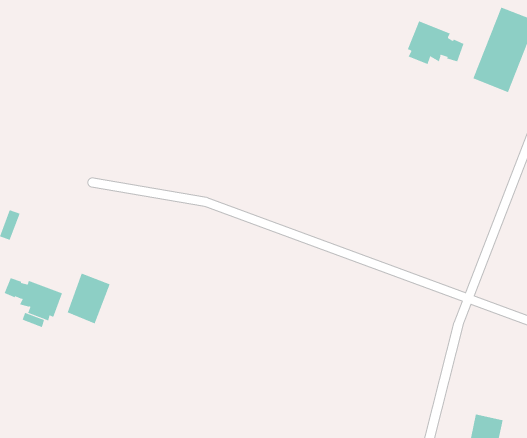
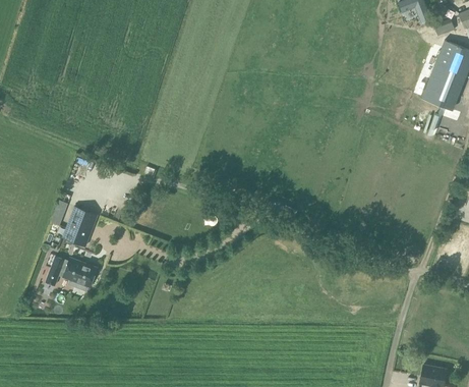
building: [407,21,464,65] -> none
building: [67,273,111,324] -> [63,207,98,247]

